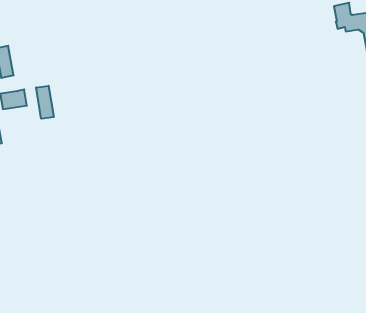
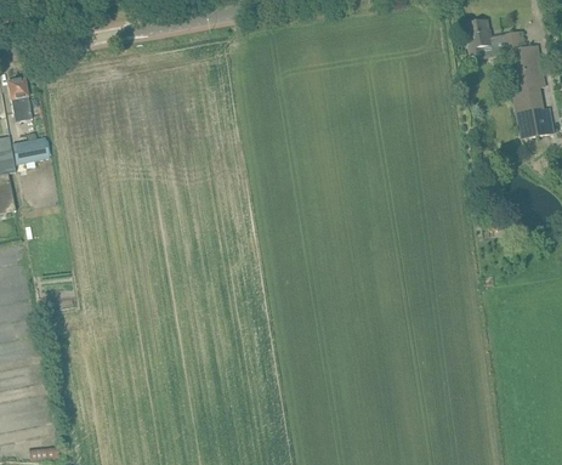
building: [36,86,54,119] -> none

